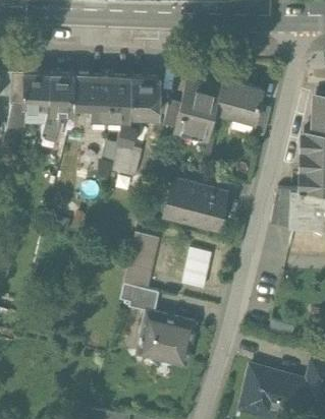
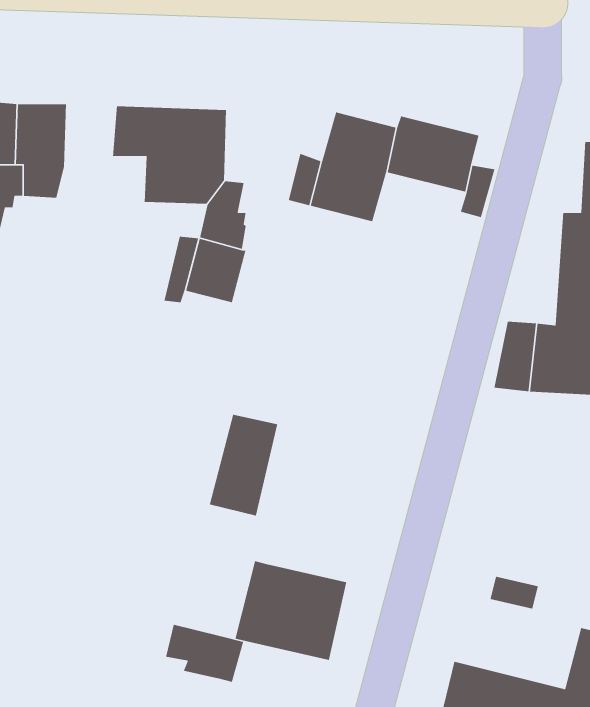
building: [42,76,74,138] -> none
building: [130,79,160,117] -> none
building: [163,182,227,230] -> none
building: [181,249,209,289] -> none
building: [118,283,159,313] -> [165,624,244,683]

